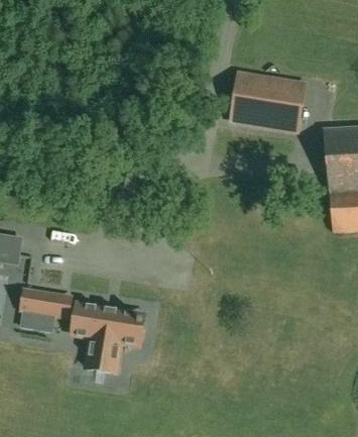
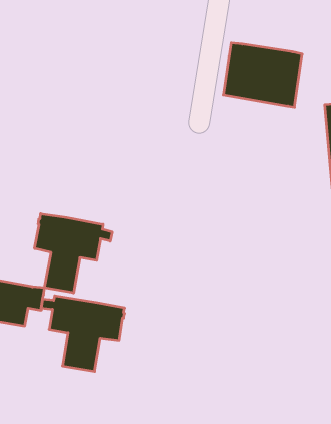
building: none -> [35,213,112,293]

